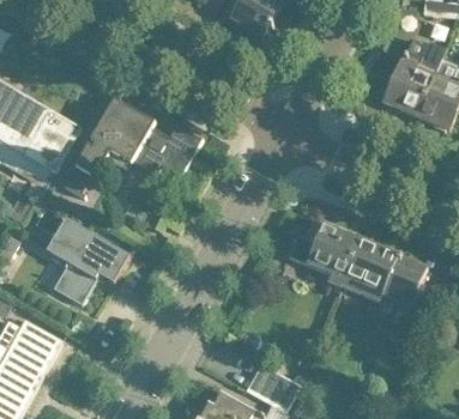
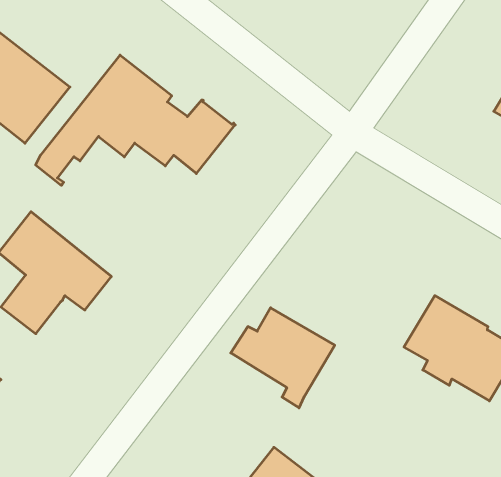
building: [286,218,360,286] -> [231,308,335,408]

